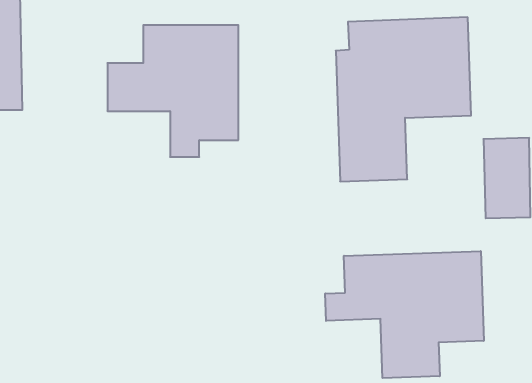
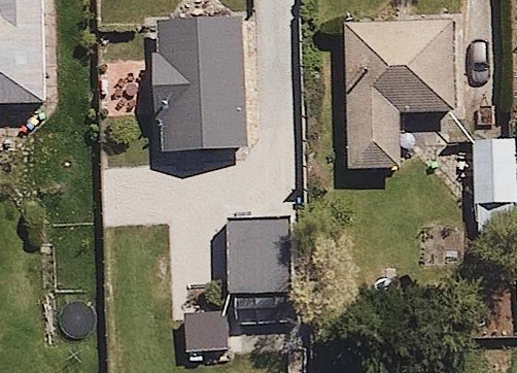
building: none -> [227,214,292,339]
building: [325,251,484,378] -> none

